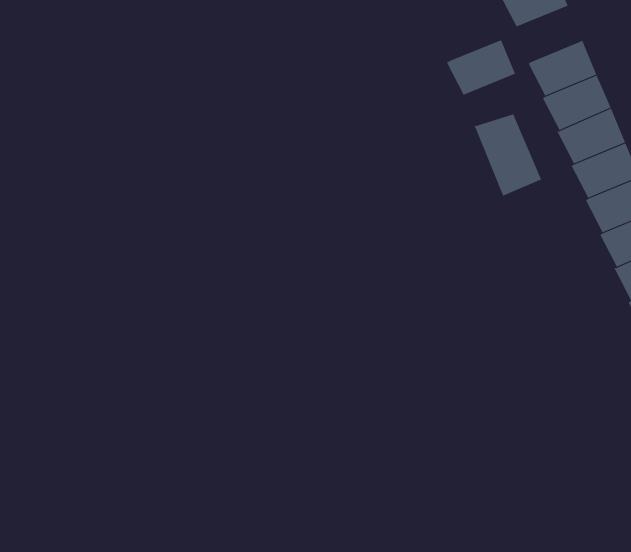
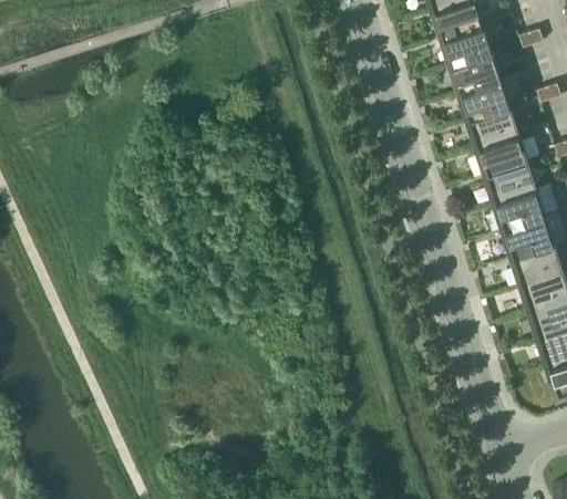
building: [446,39,516,95] -> [452,49,505,90]
building: [473,113,542,197] -> none

